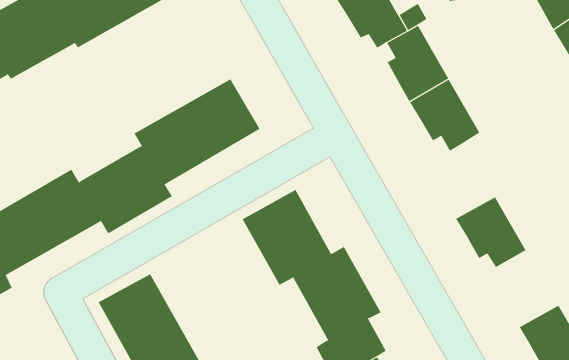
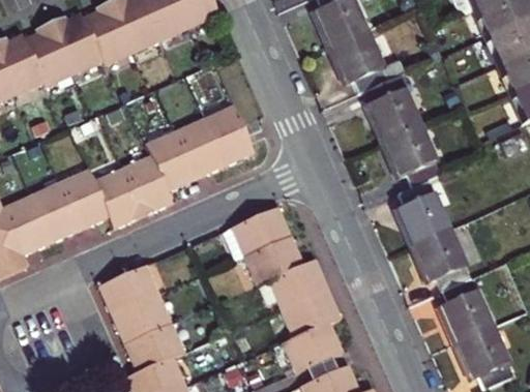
building: none -> [396,181,448,245]
building: none -> [440,278,493,343]

